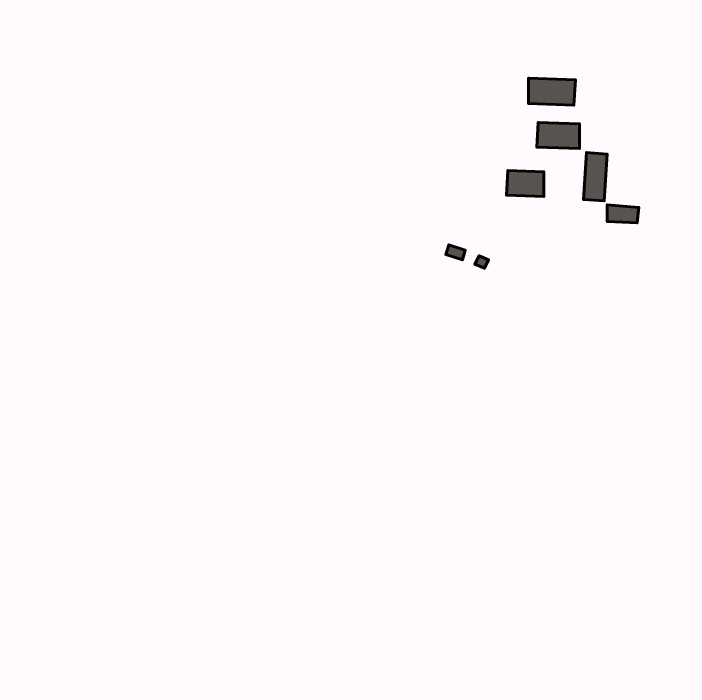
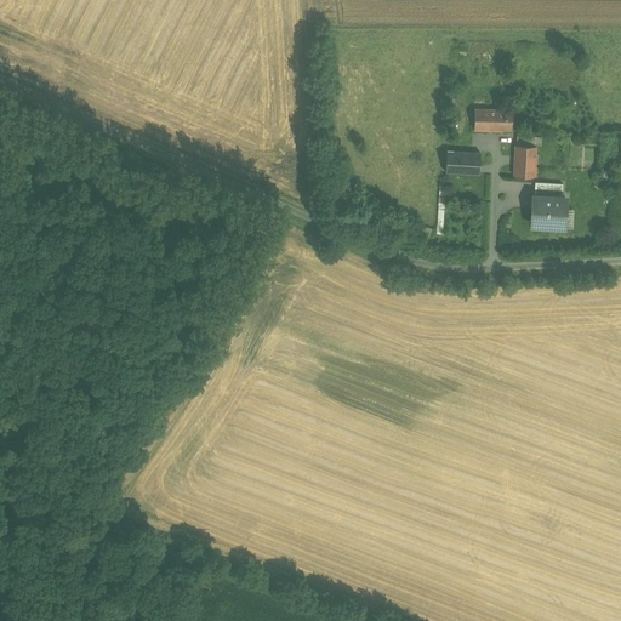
building: [528,78,575,105] -> none
building: none -> [531,198,565,229]

